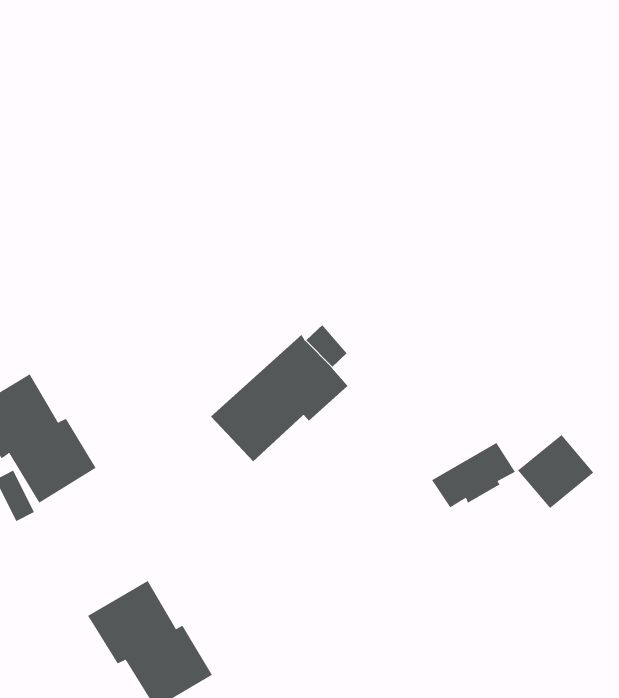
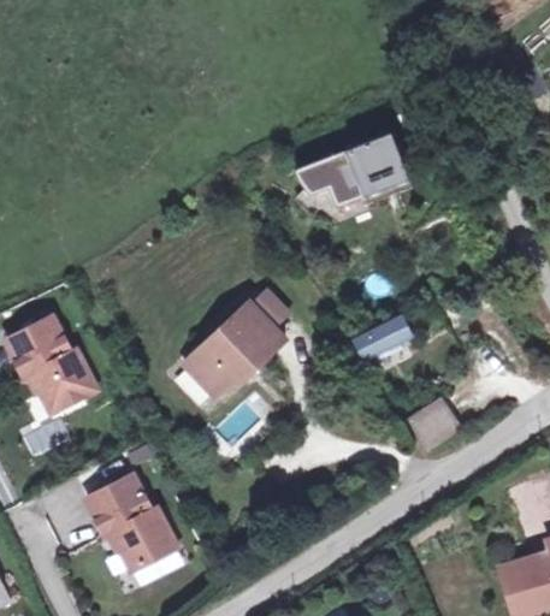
building: none -> [291,132,406,207]
building: [431,442,516,508] -> [359,310,421,356]

